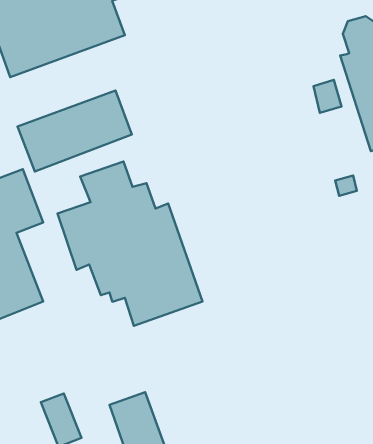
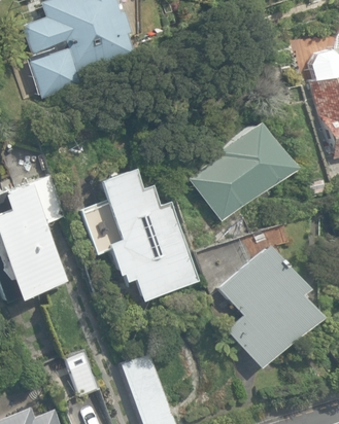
building: [18,91,132,172] -> none
building: none -> [189,120,292,221]
building: none -> [219,246,319,367]

